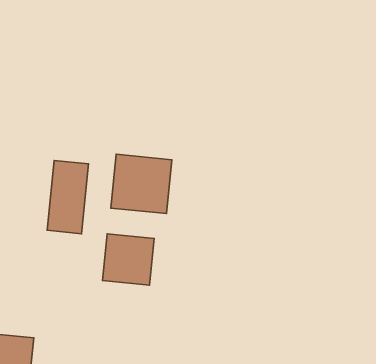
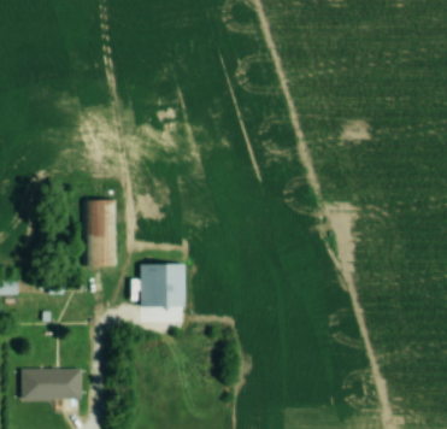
building: [111,154,172,214] -> none

